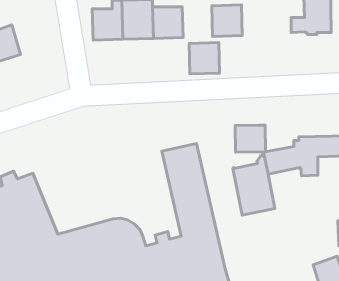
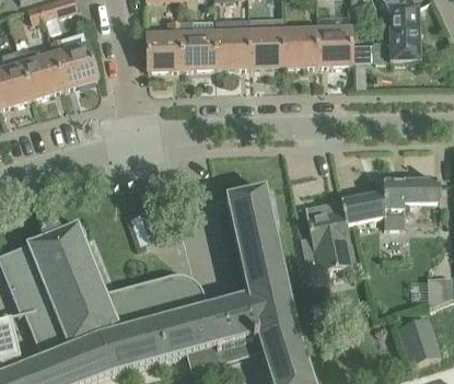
building: none -> [317,28,352,65]
building: none -> [51,36,97,86]
building: [189,42,220,74] -> [249,31,284,67]
building: [235,125,265,152] -> none

